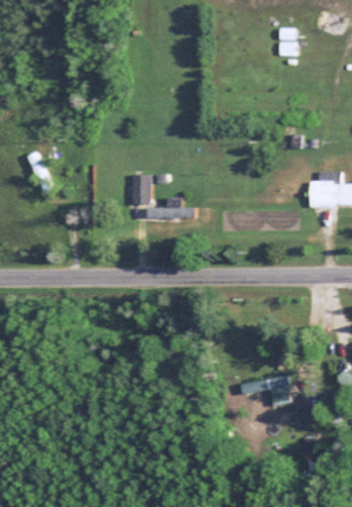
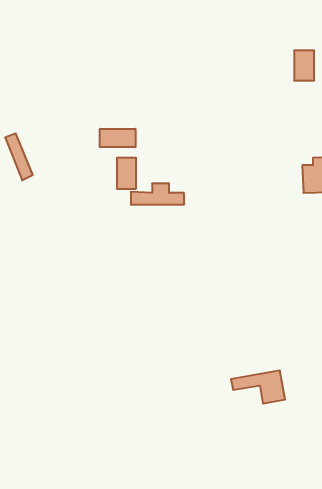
building: [278,28,298,57] -> [294,51,314,80]
building: none -> [100,129,135,147]

